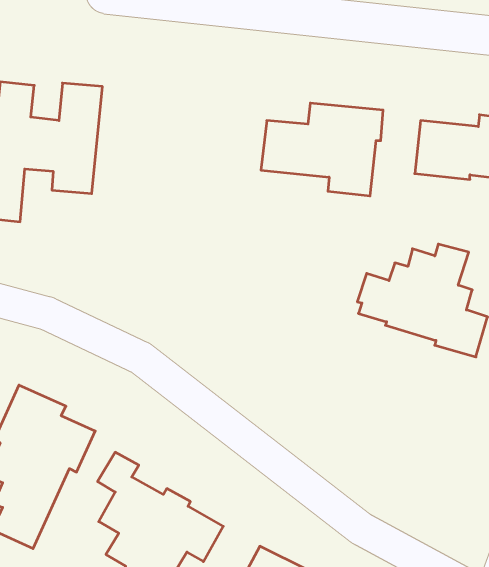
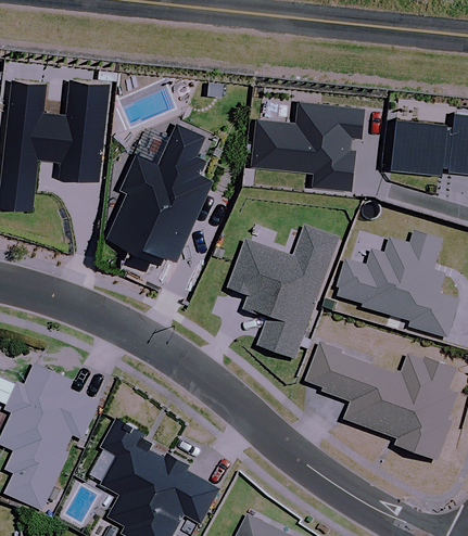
building: none -> [107,123,212,252]
building: none -> [228,228,337,359]
building: none -> [306,342,457,457]

